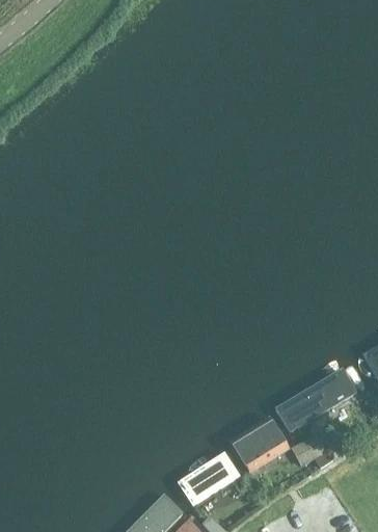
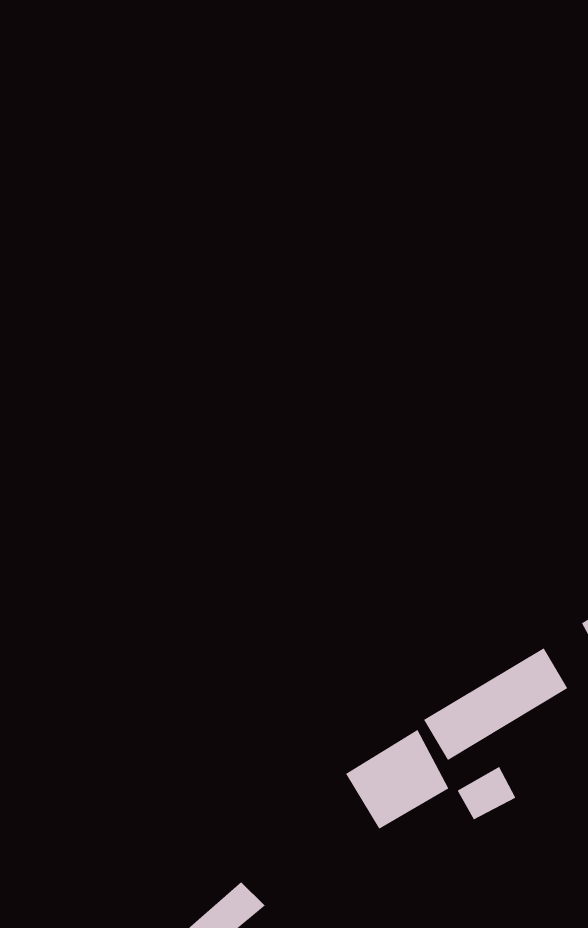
building: [183,456,240,509] -> none

